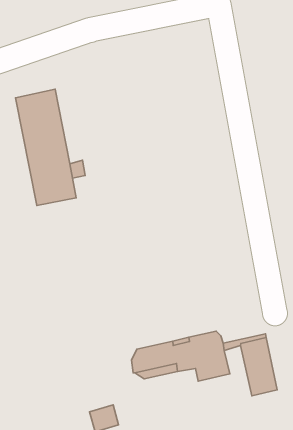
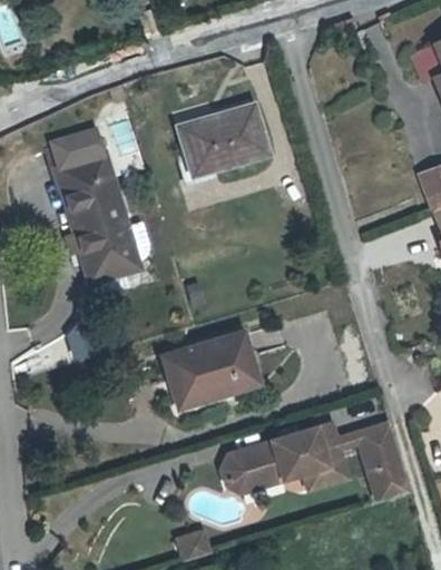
building: none -> [177,105,265,175]
building: none -> [164,334,257,404]

